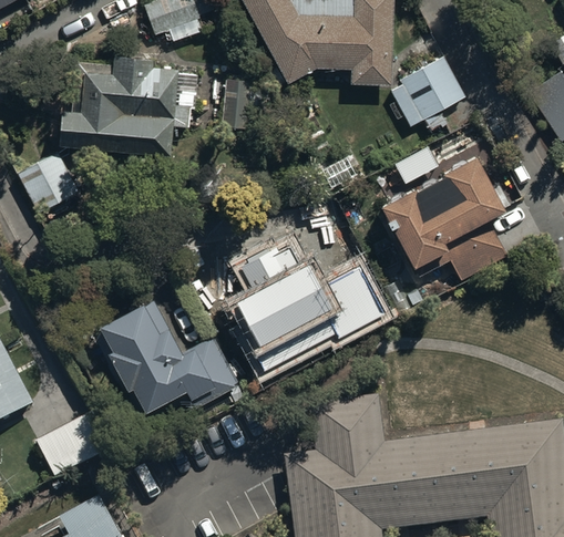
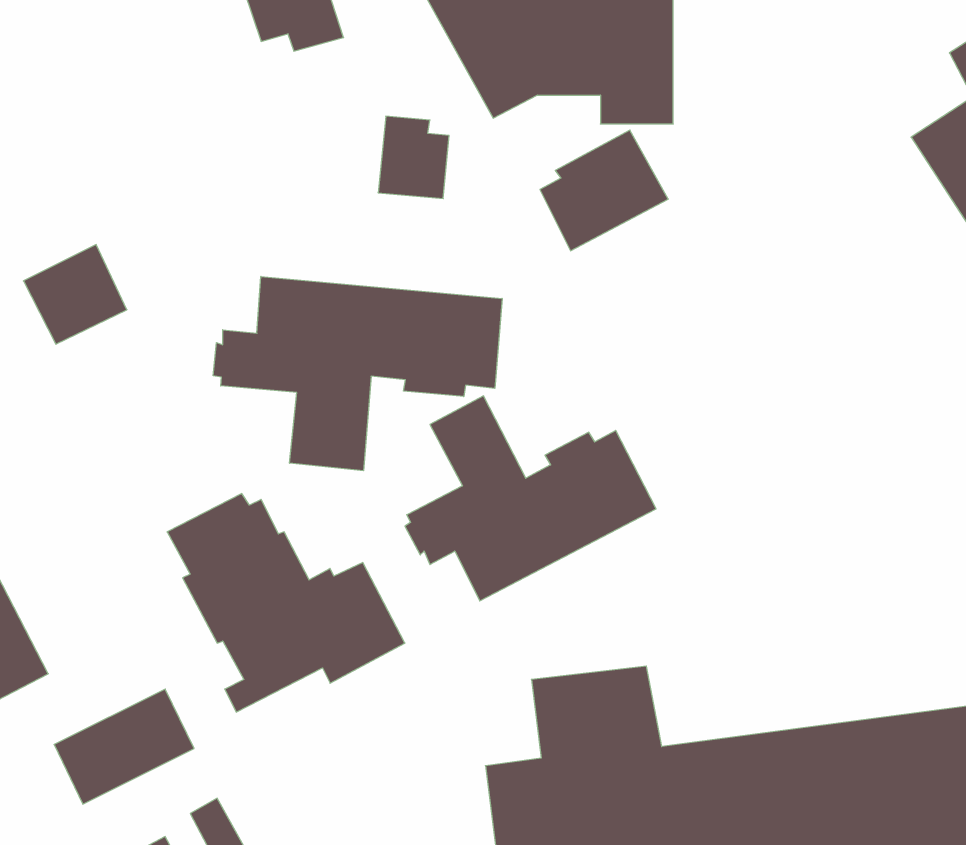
building: [58,50,199,155] -> none
building: [391,58,465,127] -> [540,130,668,251]
building: [379,148,509,279] -> none
building: none -> [213,276,502,471]

